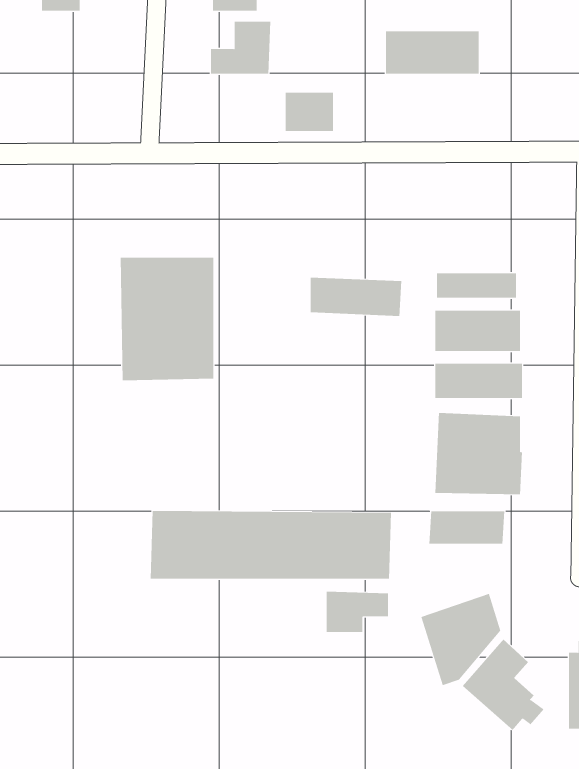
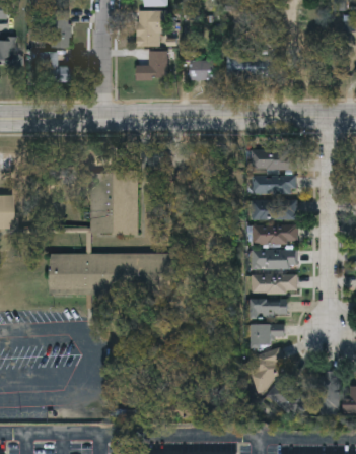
building: none -> [40,52,70,80]
building: [285,92,334,132] -> [190,60,215,80]
building: [310,277,402,316] -> [250,153,297,174]
building: [150,510,392,579] -> [49,255,173,290]
building: [326,591,389,633] -> [252,324,284,345]

